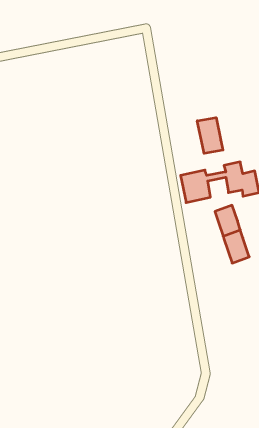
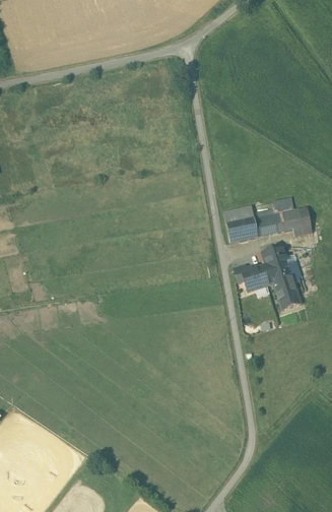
building: [197,118,223,153] -> none
building: none -> [243,265,273,292]

